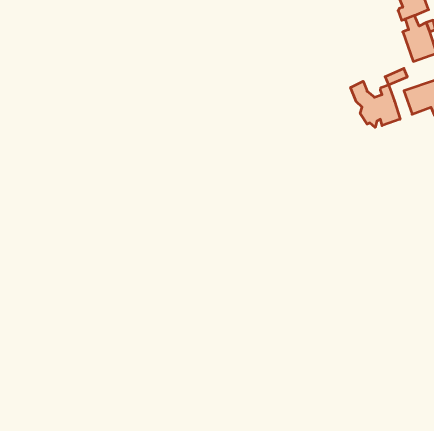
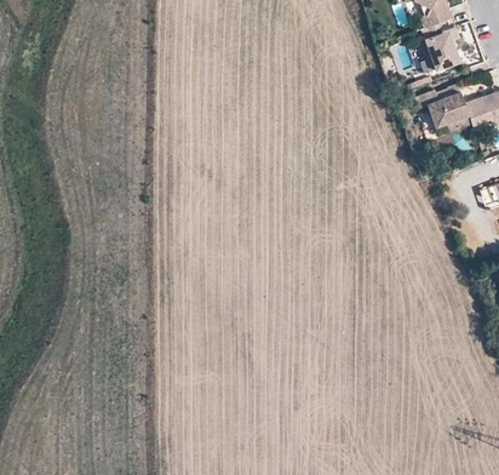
building: [351,81,400,127] -> none

